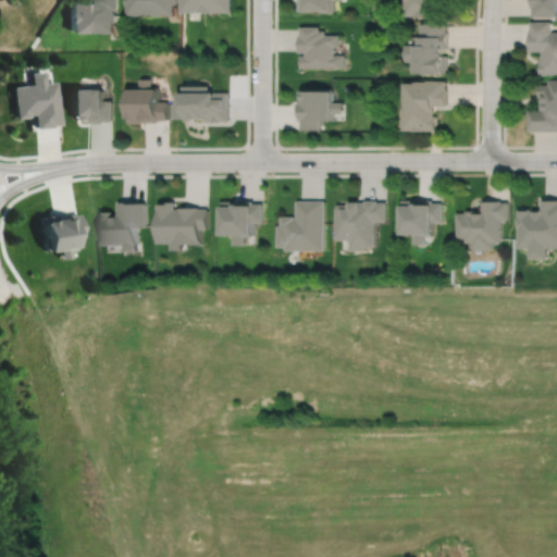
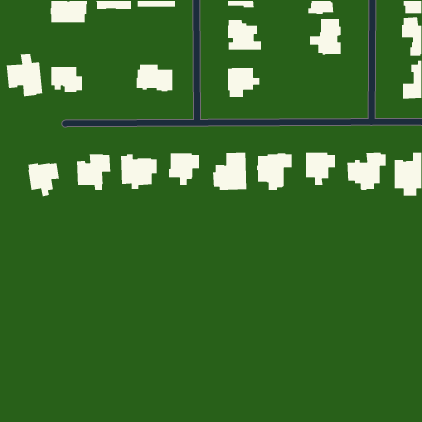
building: [126,79,165,123] -> none
building: [404,82,448,132] -> none

